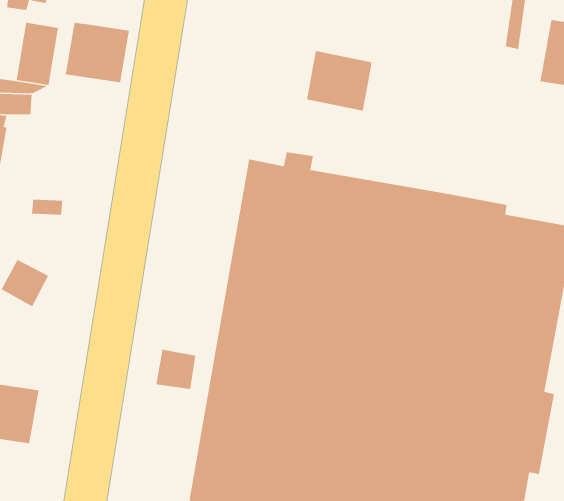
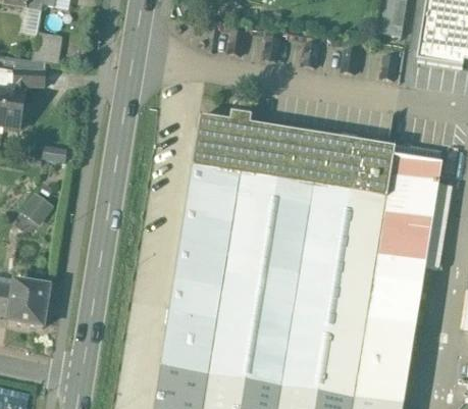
building: [65,22,130,83] -> none
building: [306,50,372,111] -> none
building: [155,349,196,390] -> none

